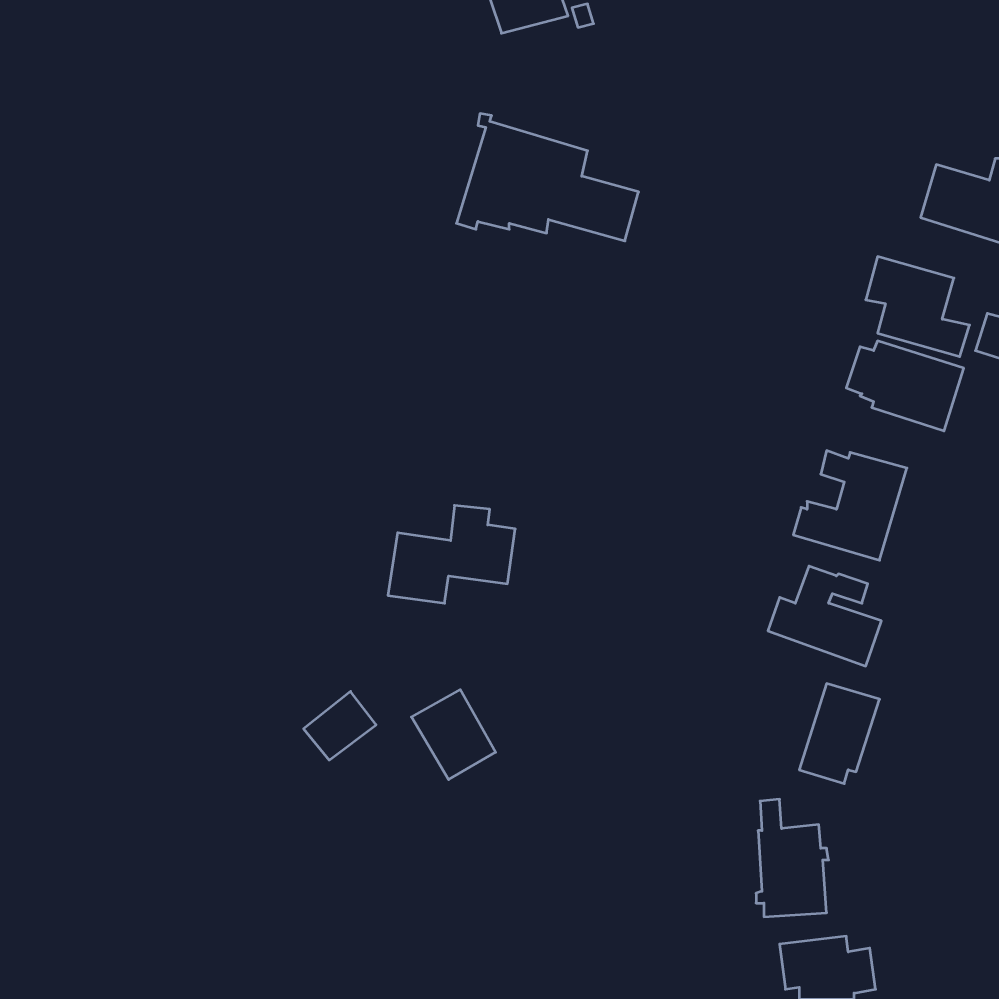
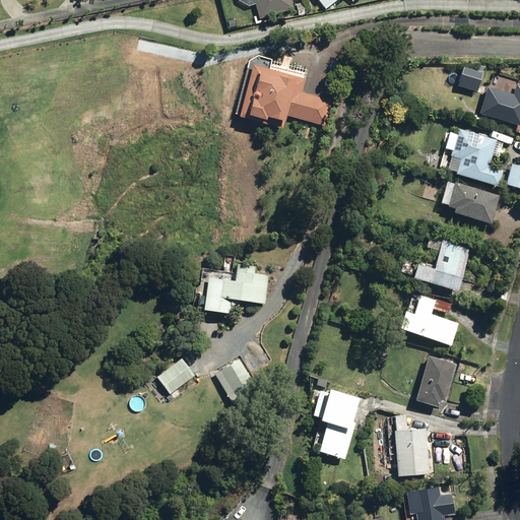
building: none -> [458,65,482,90]
building: none -> [315,391,356,455]

